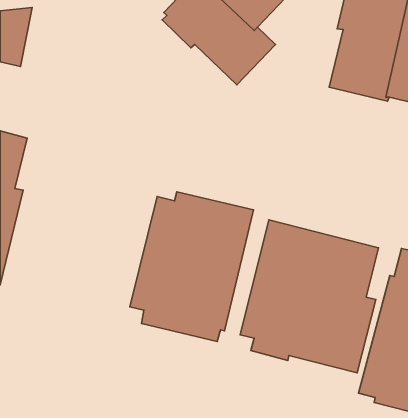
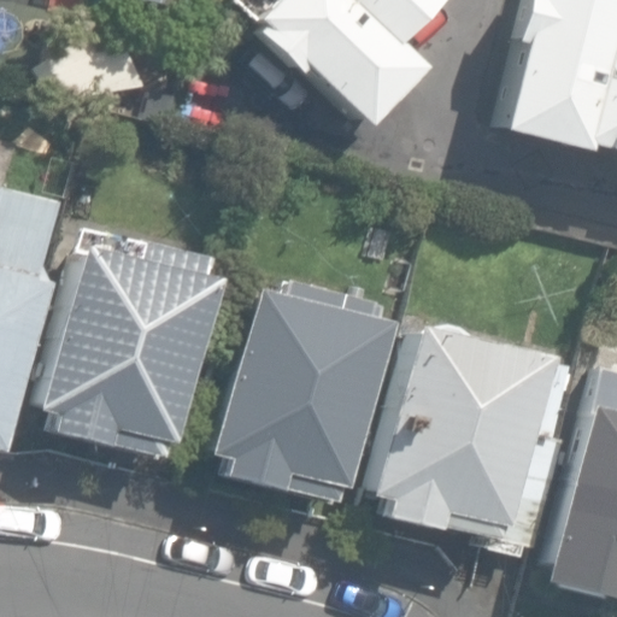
building: none -> [40,241,221,451]

